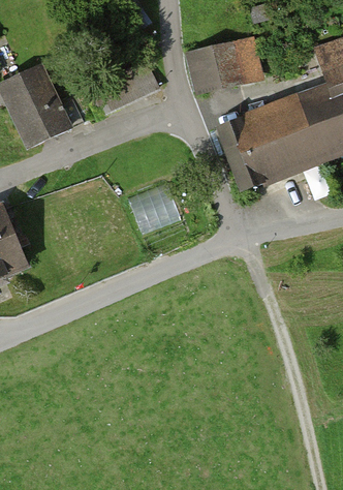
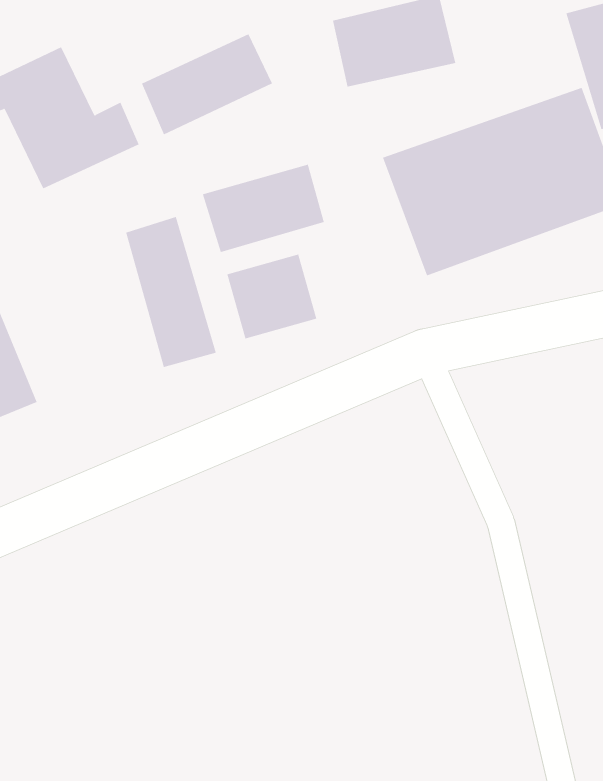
building: none -> [202,164,325,253]
building: none -> [125,216,217,368]

